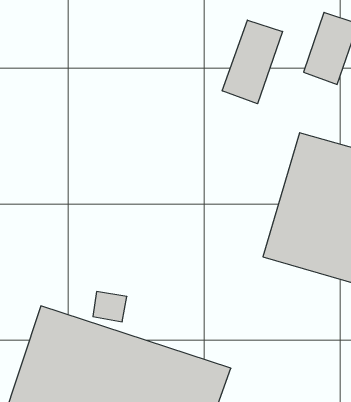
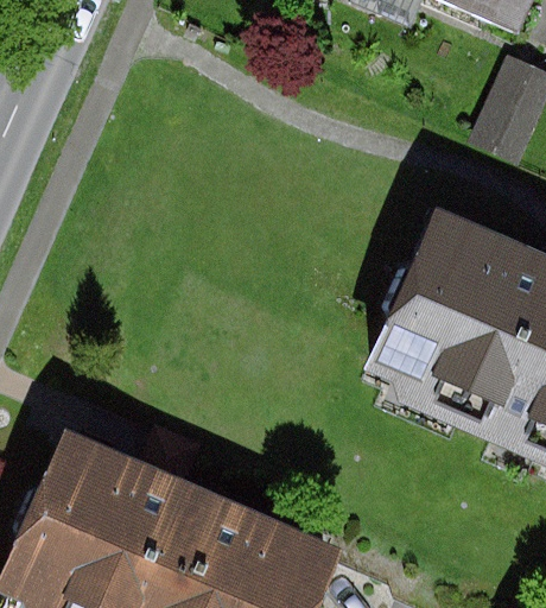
building: [222,20,283,104] -> none

